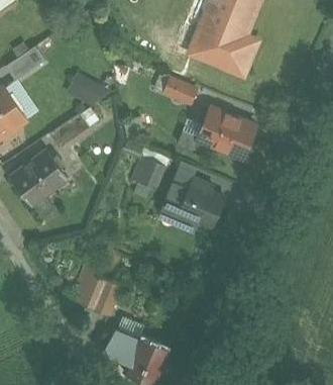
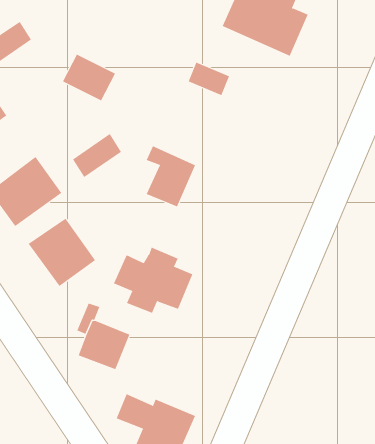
building: [196,106,254,159] -> none
building: [49,114,88,149] -> [72,133,122,178]
building: [162,178,224,229] -> [113,247,193,314]
building: none -> [28,218,96,287]

